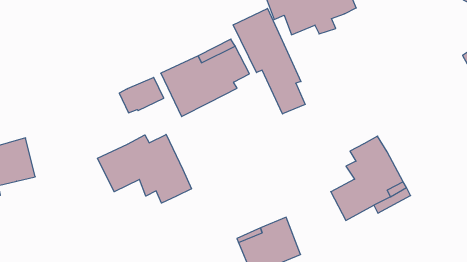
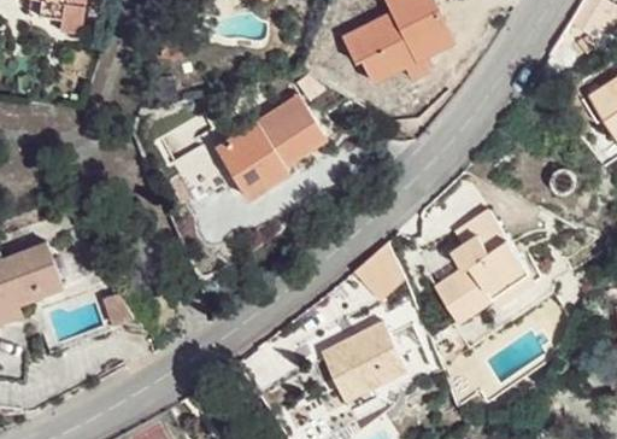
building: [233,8,305,114] -> none
building: [97,134,191,203] -> none
building: none -> [353,240,407,305]

